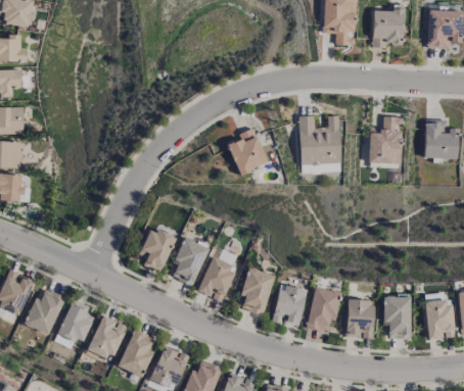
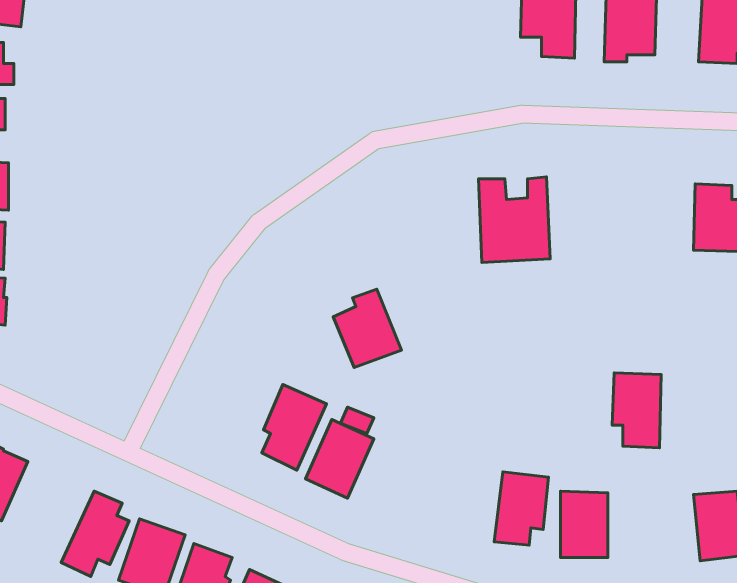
building: [368,117,402,164] -> none
building: [227,129,267,175] -> [333,289,401,368]
building: [139,228,175,273] -> none
building: [241,268,274,315] -> none
building: [272,285,307,327] -> none
building: [24,289,65,336] -> none
building: [382,295,411,339] -> [612,373,661,448]

